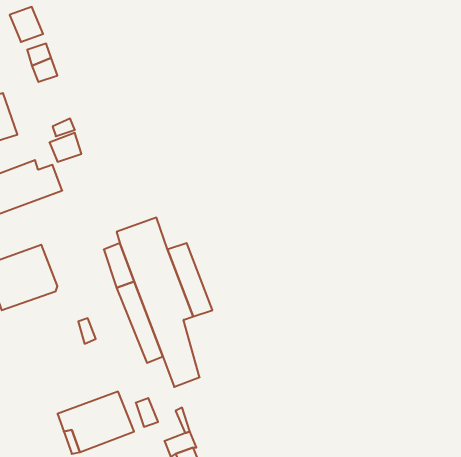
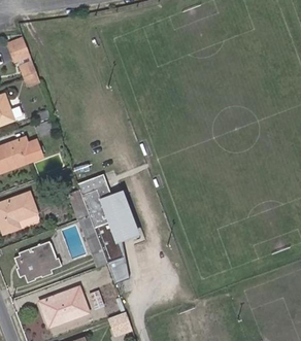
building: none -> [14,240,61,281]

